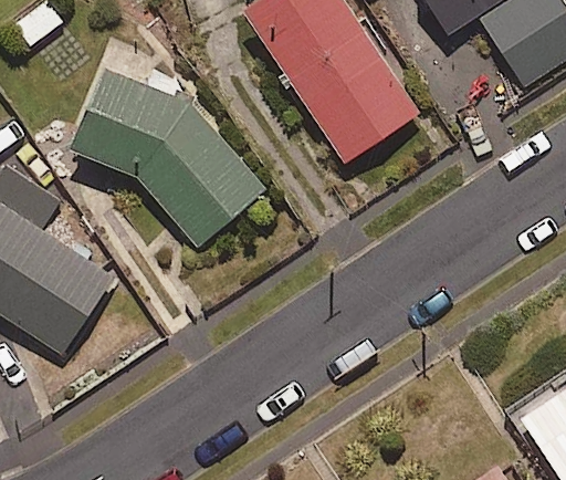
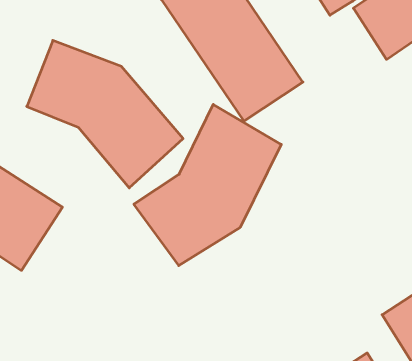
building: none -> [134,104,281,266]

